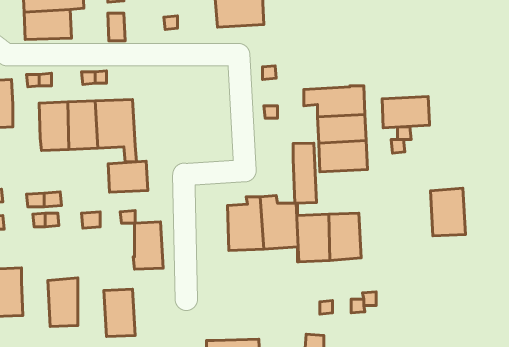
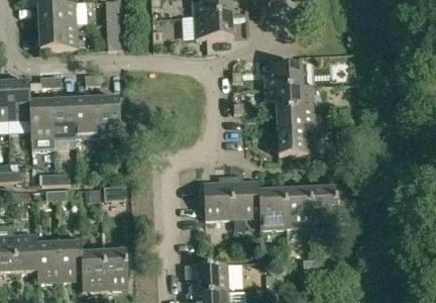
building: [382,96,430,128] -> [263,64,302,89]
building: none -> [29,100,52,139]
building: [293,143,317,203] -> none
building: [108,161,148,192] -> none
building: [430,188,465,236] -> [309,187,337,225]
building: [133,222,163,269] -> [81,251,105,290]
building: none -> [36,243,60,282]
building: none -> [184,263,228,292]

